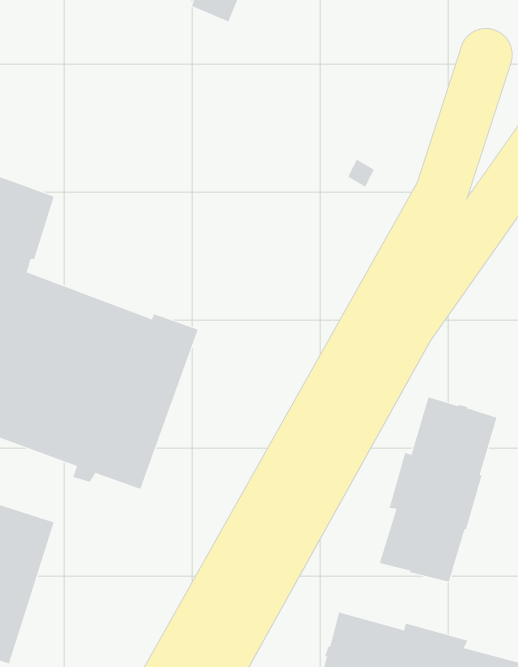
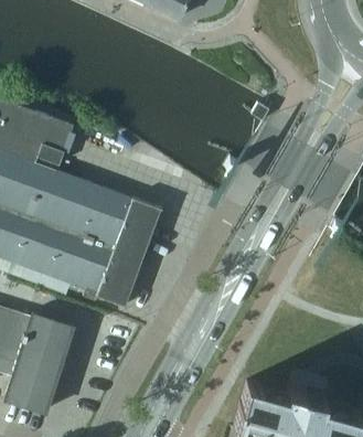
building: [379,396,497,583] -> none

